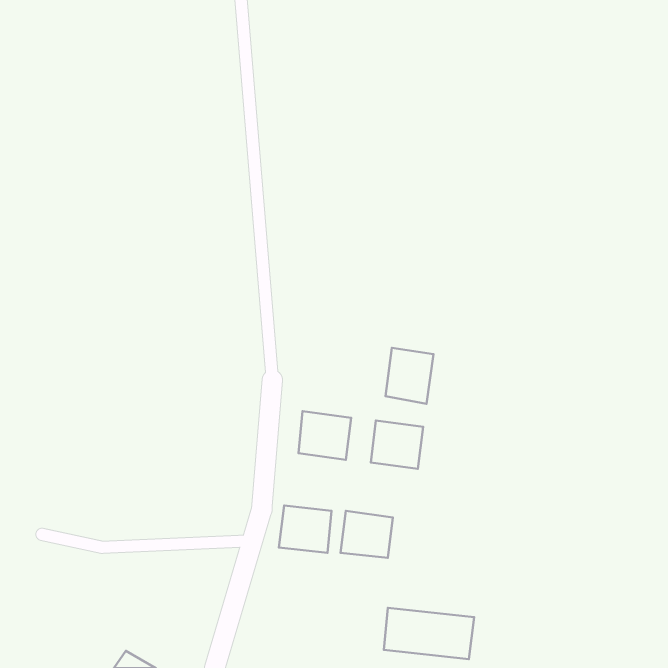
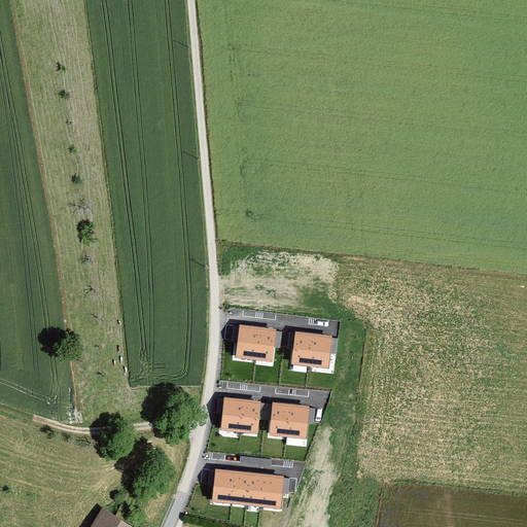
building: [385,348,433,404] -> none
building: [384,608,474,659] -> [213,467,284,507]

